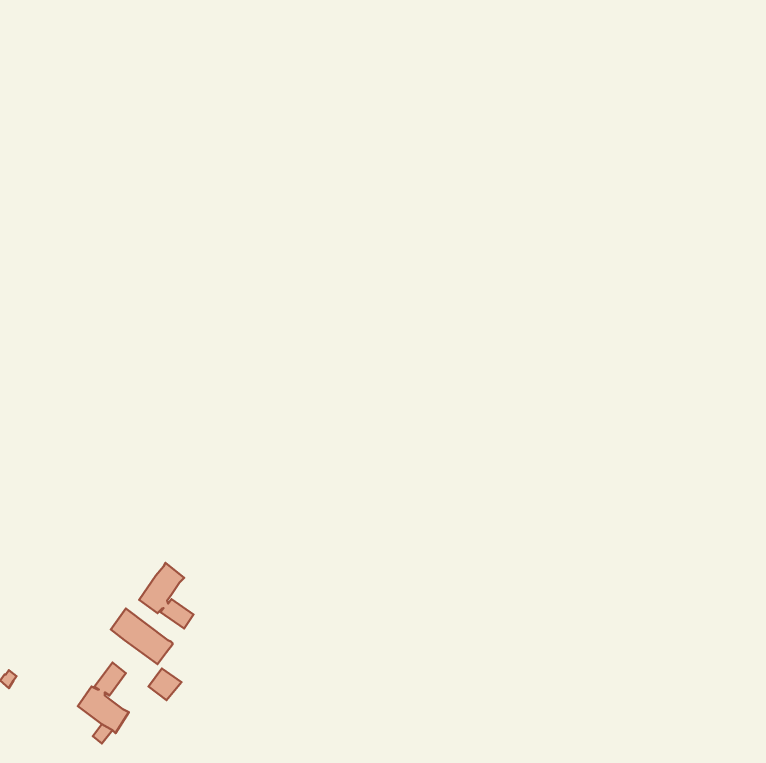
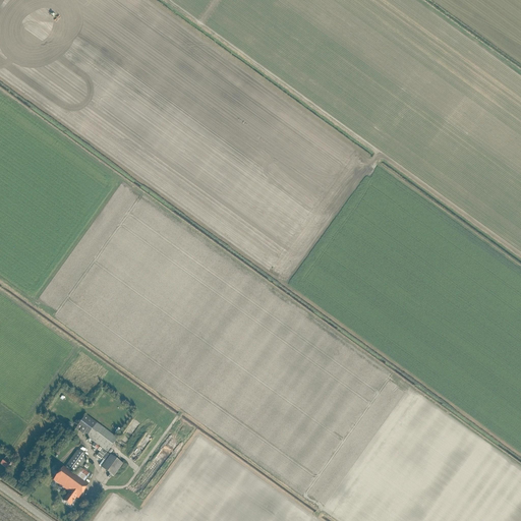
building: [139,563,193,628] -> none

